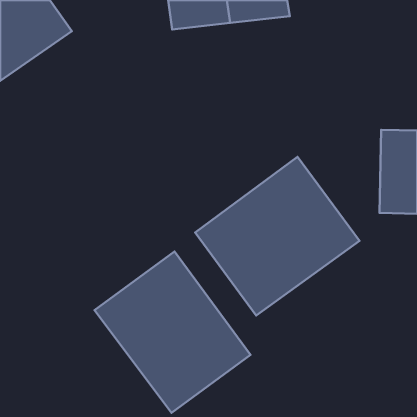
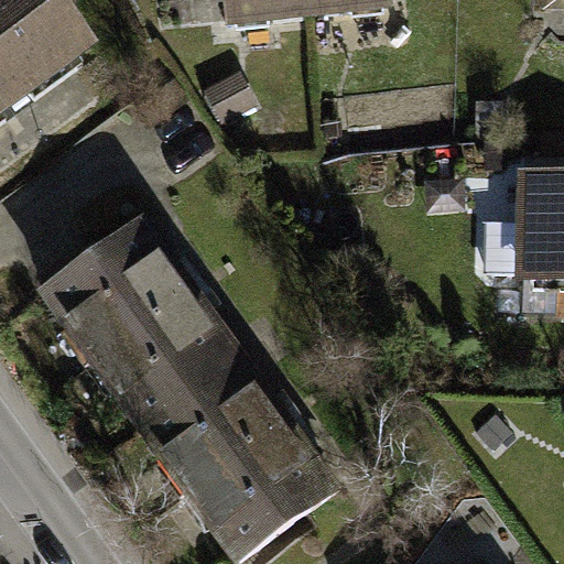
building: none -> [33,210,236,419]
building: [195,157,359,316] -> none

